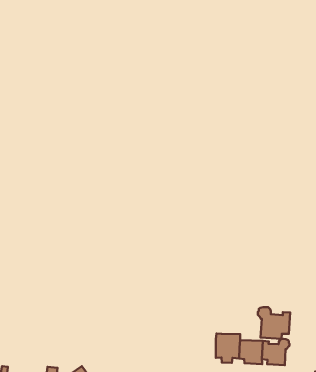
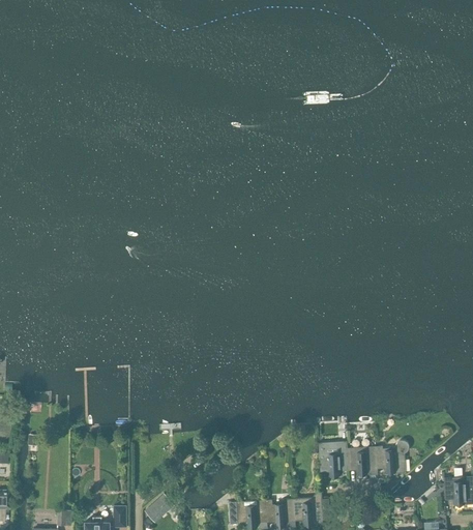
building: [258,307,290,339] -> none

